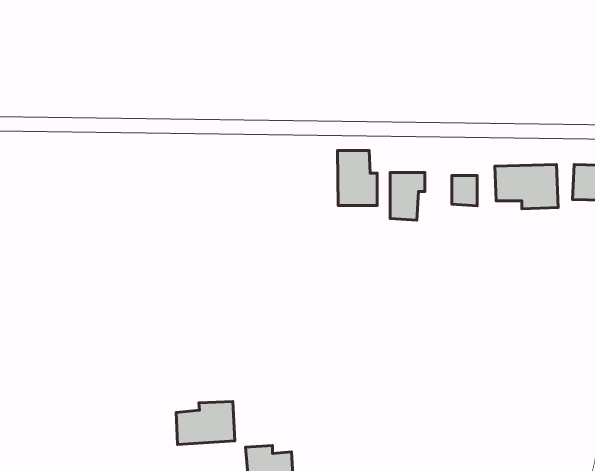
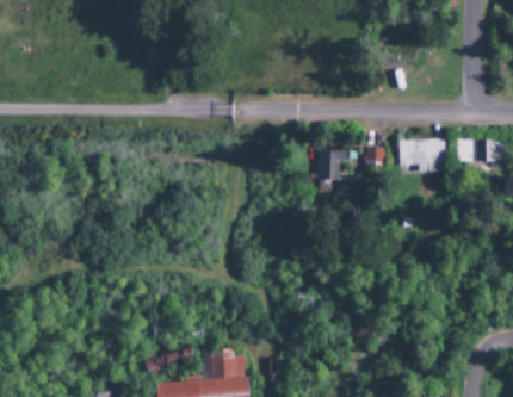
building: [337,150,377,206] -> none
building: [176,401,235,445] -> none

